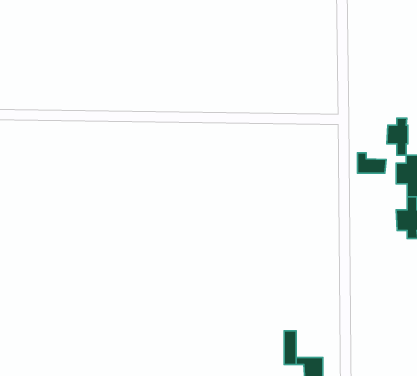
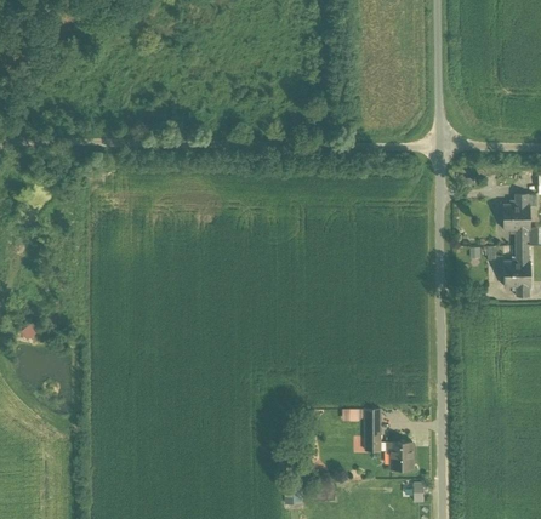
building: [387,118,408,155] -> none
building: [357,153,386,173] -> none

